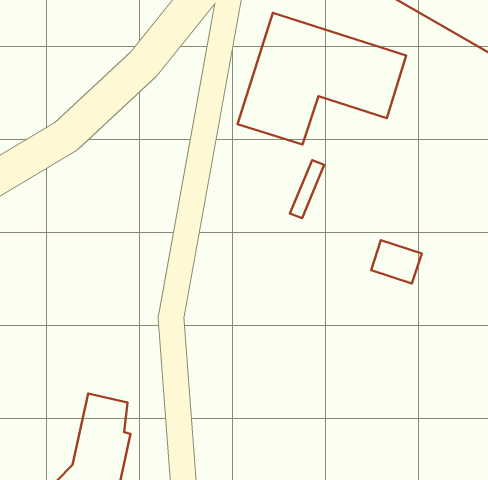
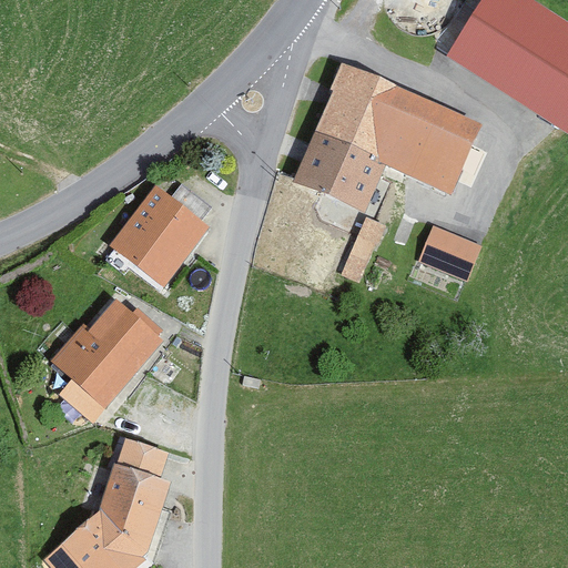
building: none -> [113,197,199,284]
building: [371,240,422,283] -> [422,227,475,274]
building: none -> [59,308,160,420]

